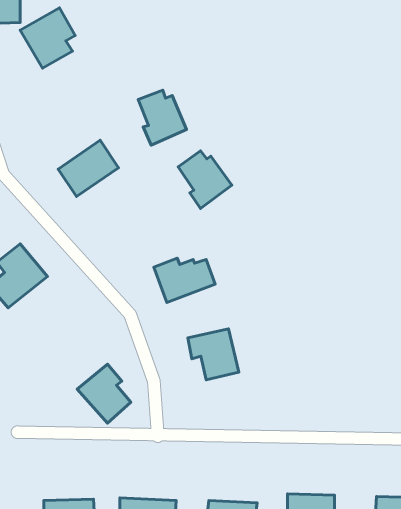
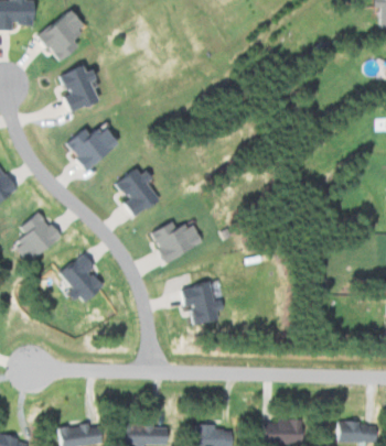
building: [138,90,187,145] -> [61,66,101,112]
building: [178,151,232,209] -> [116,168,161,217]
building: [77,364,131,423] -> [57,253,103,303]

